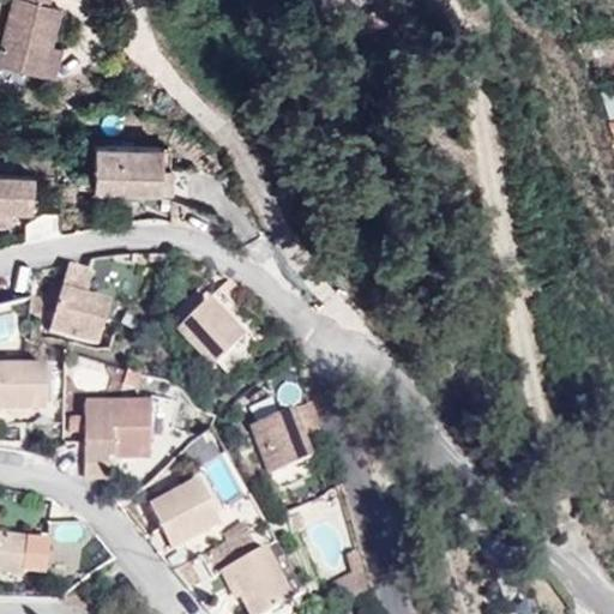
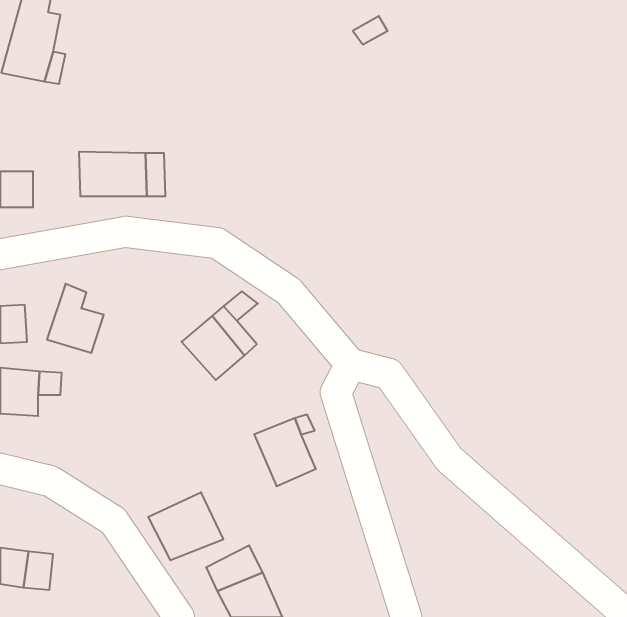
building: [76,395,140,471] -> none

